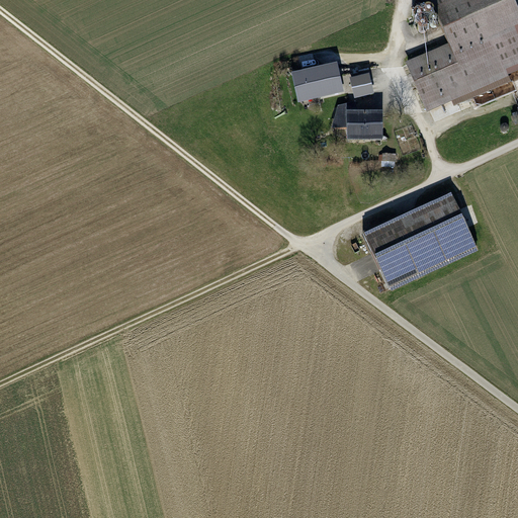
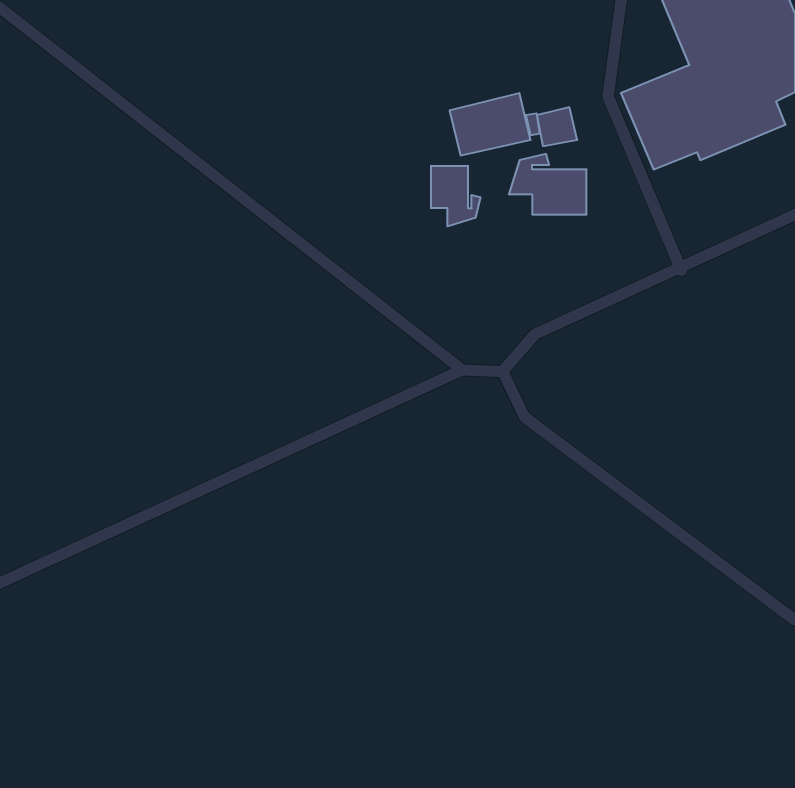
building: none -> [431,166,481,226]
building: [364,190,478,285] -> none

